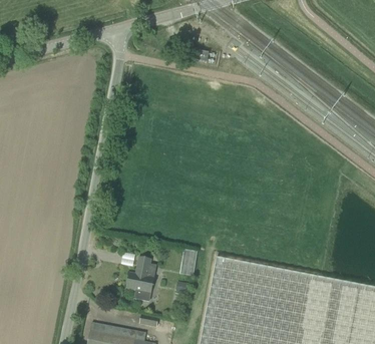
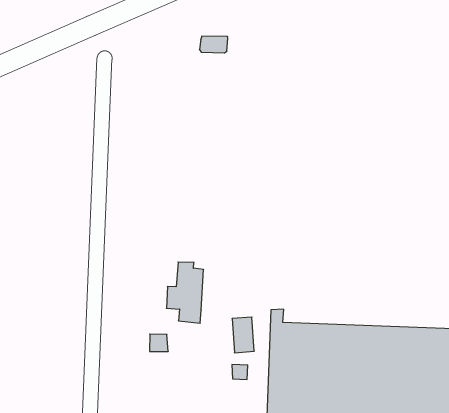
building: [127,258,157,303] -> [166,262,204,323]

